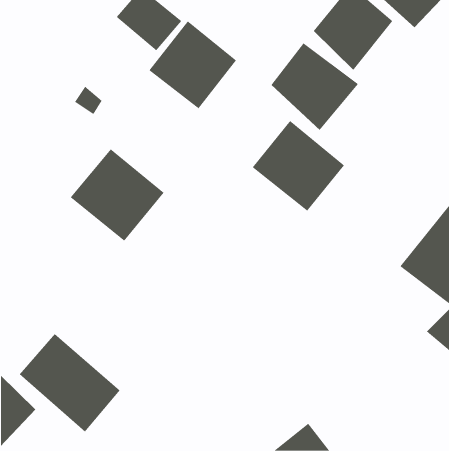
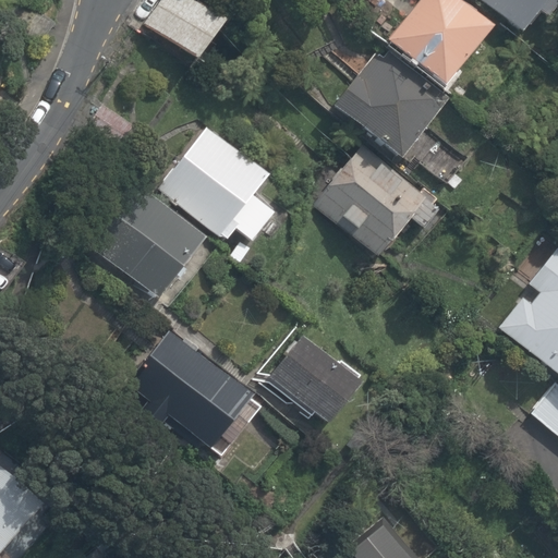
building: [149,21,237,109] -> [166,128,275,236]
building: none -> [134,328,253,445]
building: none -> [269,336,360,423]
building: [19,333,120,432] -> none

